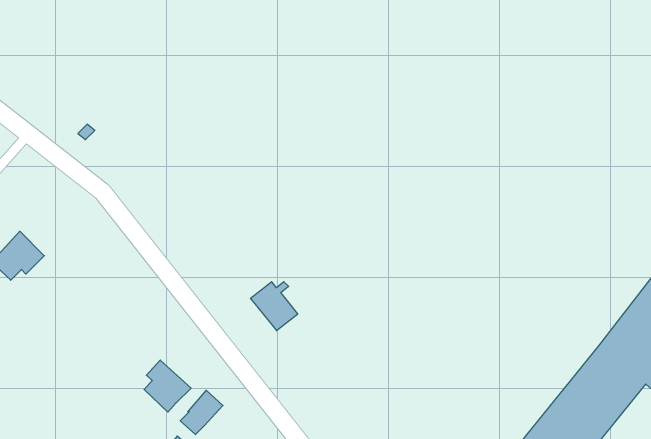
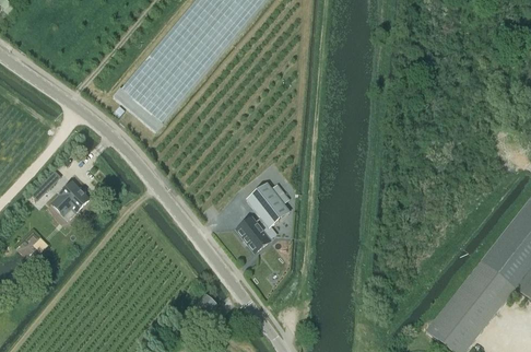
building: none -> [246,179,288,224]
building: [144,360,191,412] -> none

